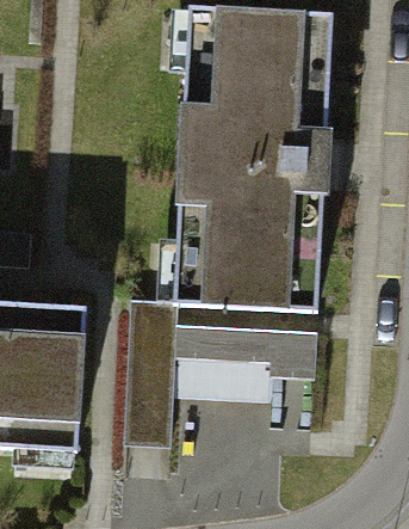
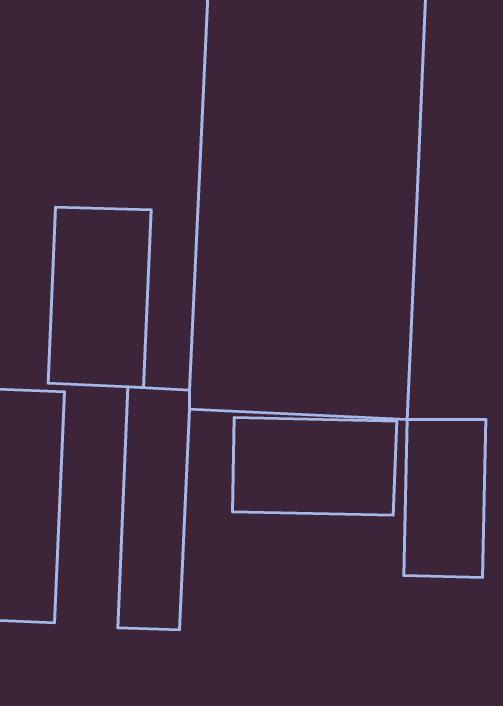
building: none -> [48,207,151,388]
building: none -> [404,419,486,577]

